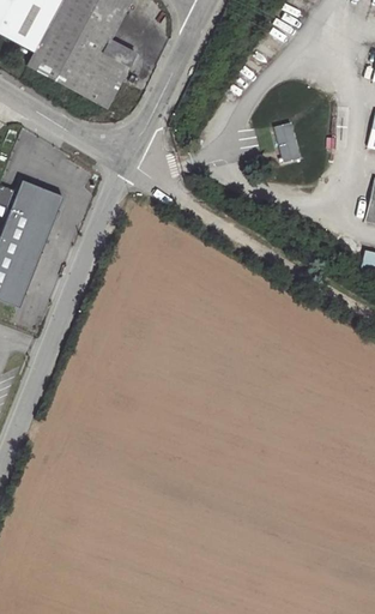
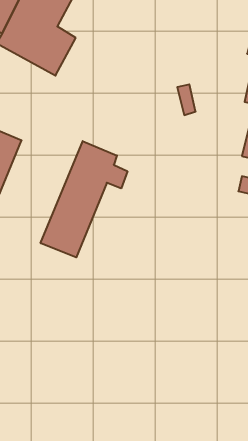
building: none -> [41,141,127,257]

